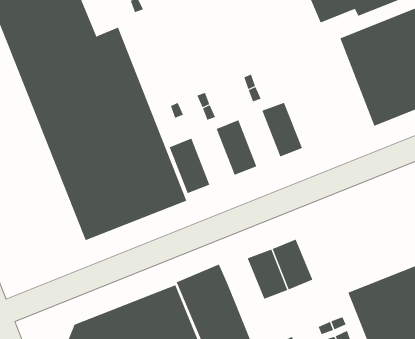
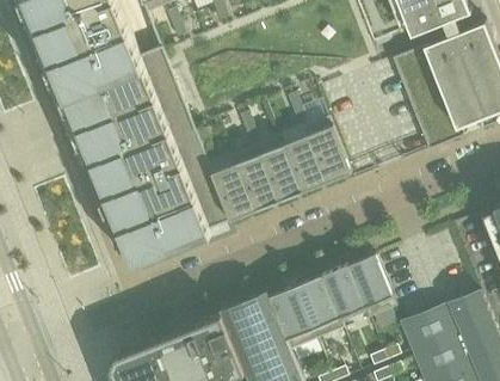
building: none -> [286,134,329,192]
building: none -> [237,153,282,211]
building: none -> [346,257,391,311]
building: none -> [268,288,313,342]

